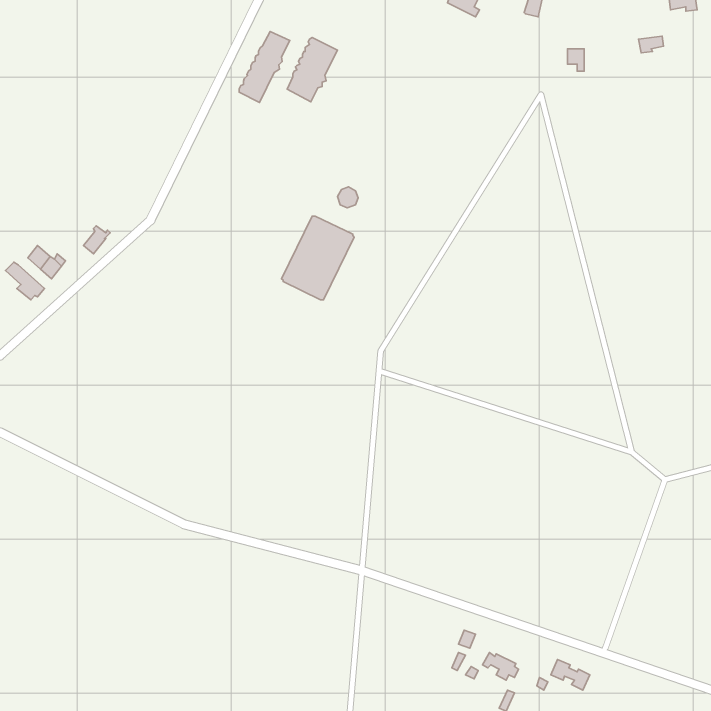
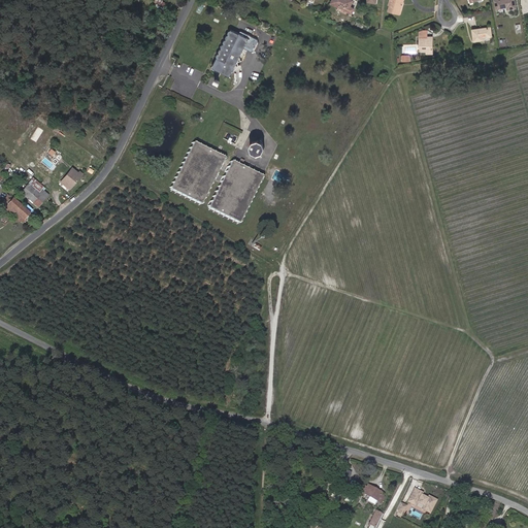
building: [239,31,290,102] -> none
building: none -> [171,140,225,203]

